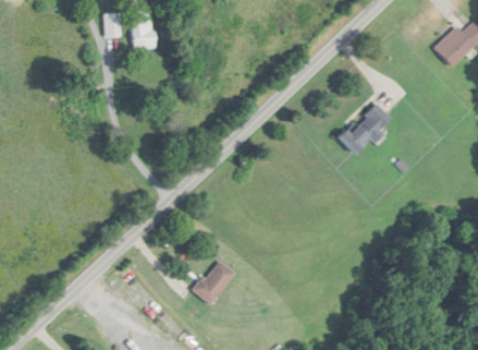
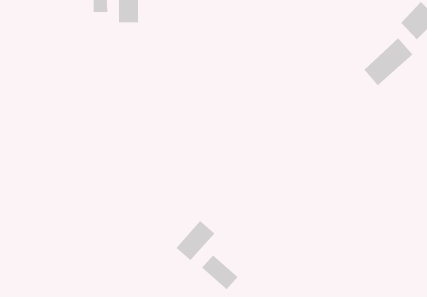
building: [338,102,391,155] -> [363,37,413,86]
building: none -> [201,254,239,290]

